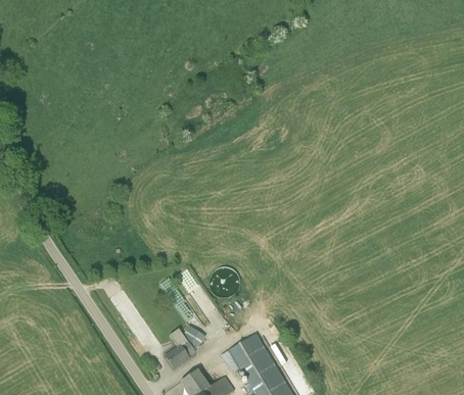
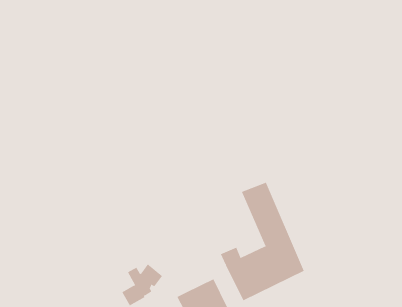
building: none -> [220,182,304,301]

